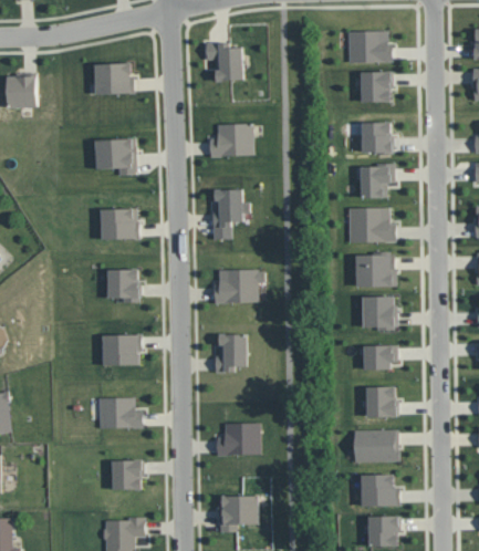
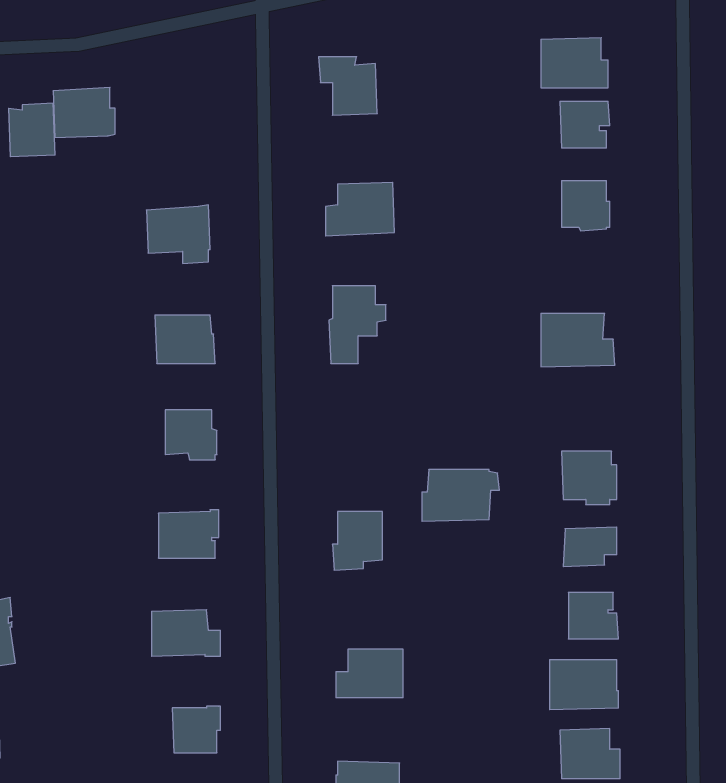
building: [94,63,134,95] -> [53,87,115,137]
building: [361,163,394,198] -> none
building: [355,252,396,288] -> none
building: [215,270,264,303] -> [422,470,499,521]

